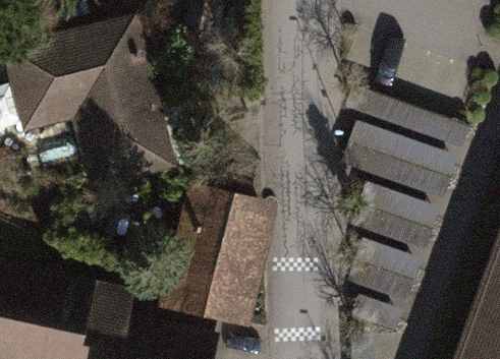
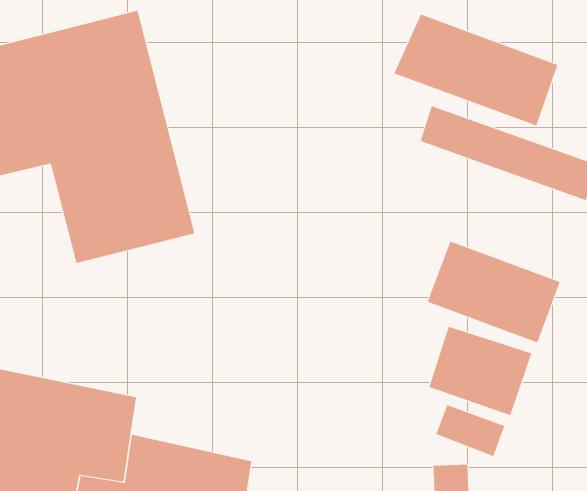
building: [338,120,456,200] -> [393,14,558,126]
building: [164,182,281,327] -> none

